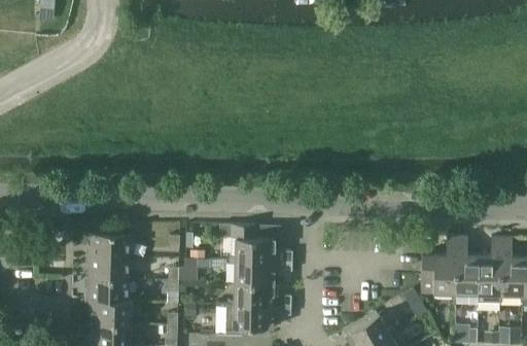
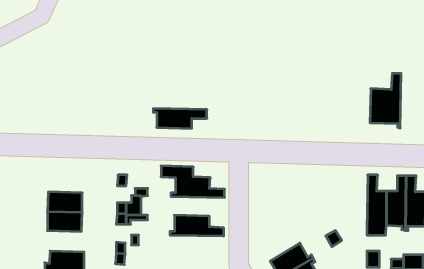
building: [90,234,130,256] -> none
building: [421,236,457,299] -> [370,73,401,128]
building: [231,261,292,283] -> [153,109,207,128]
building: [86,300,132,324] -> none
building: [224,305,291,336] -> none

